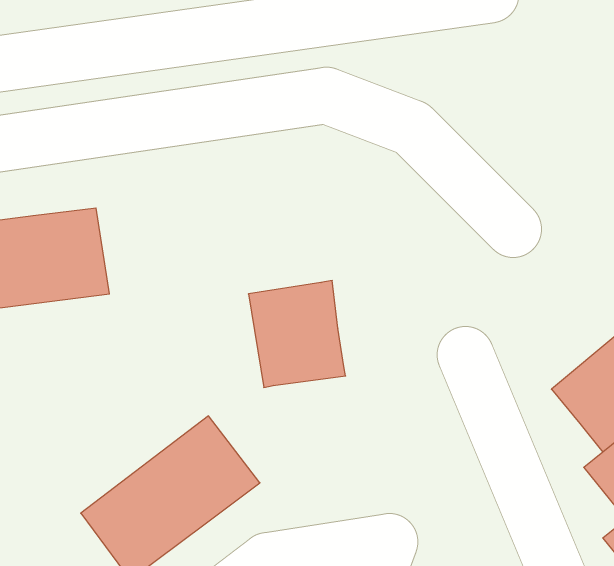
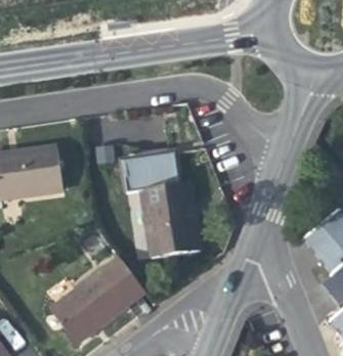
building: none -> [121,147,179,192]
building: none -> [153,228,201,257]

